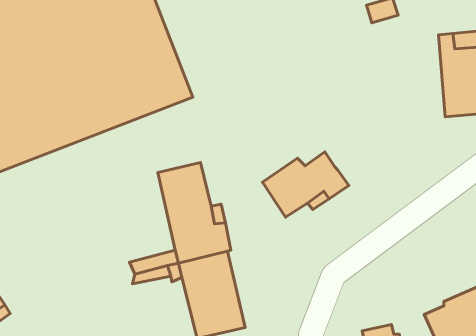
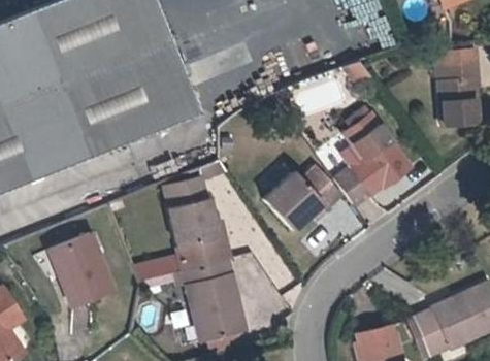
building: none -> [335,116,412,209]
building: none -> [53,232,116,303]

